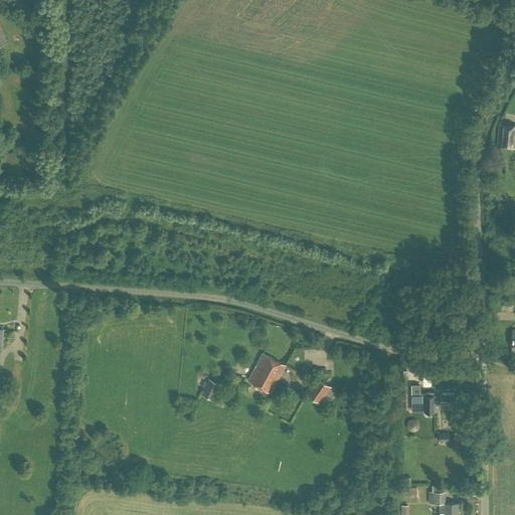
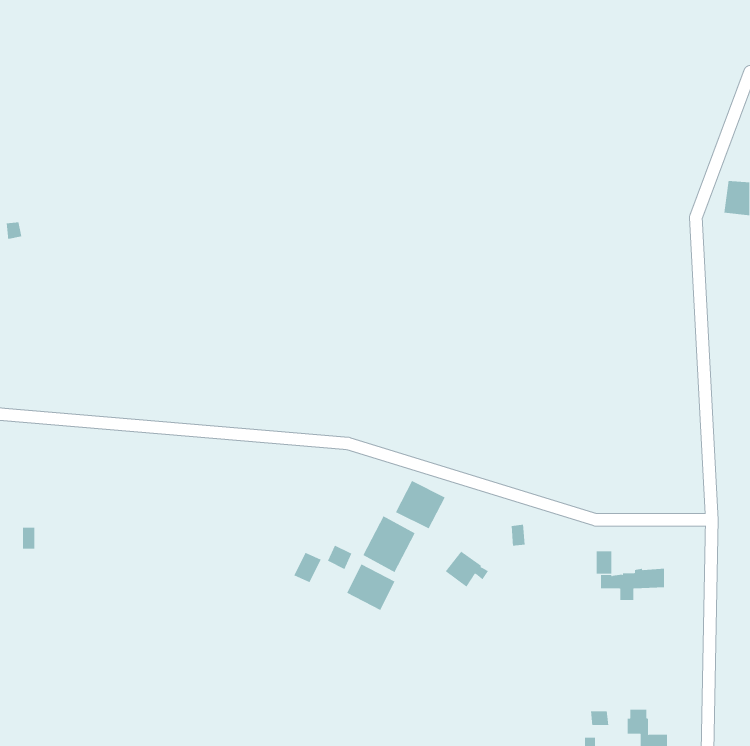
building: none -> [395,480,446,529]
building: none -> [346,564,395,611]

